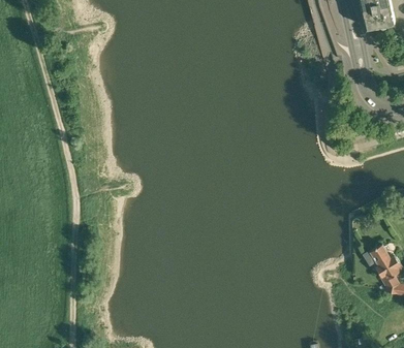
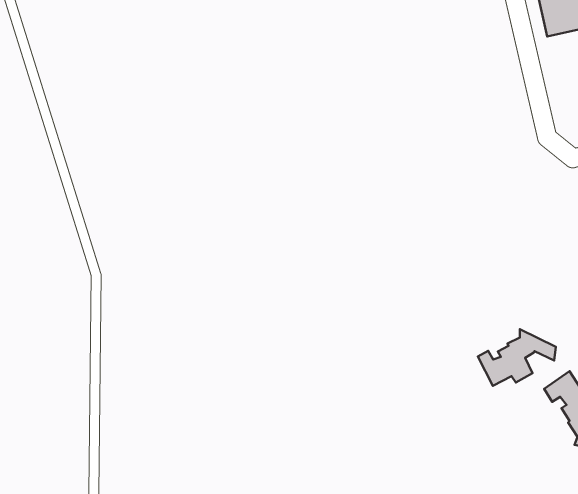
building: none -> [478,329,556,386]

